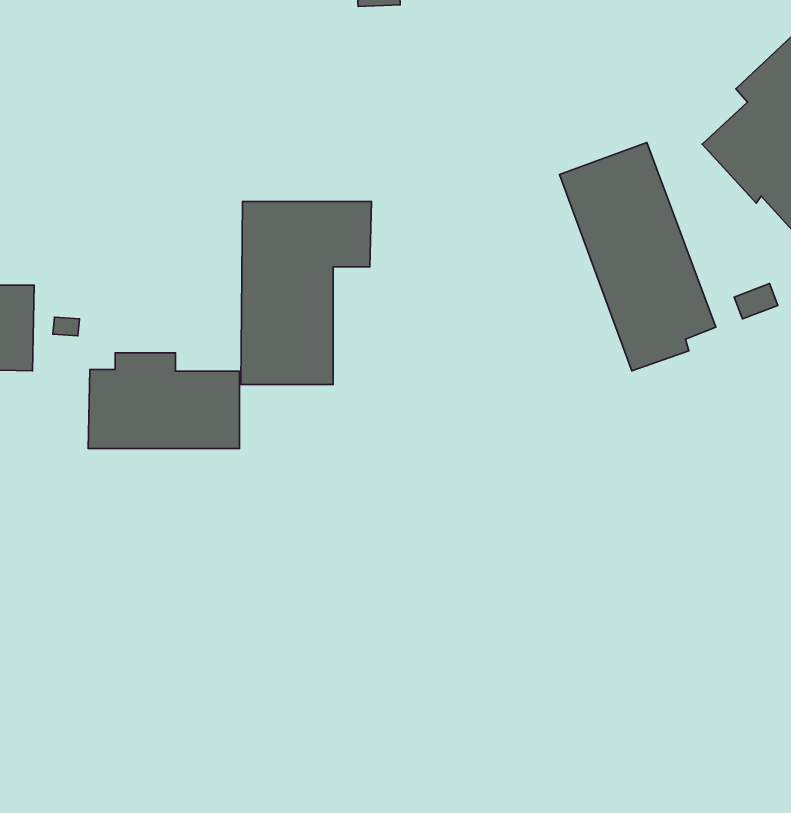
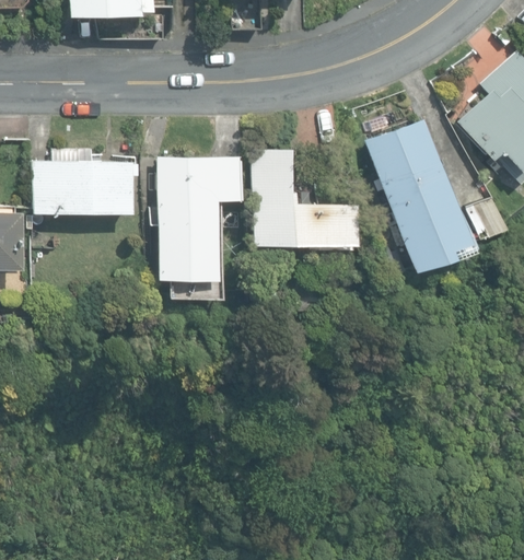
building: none -> [252,150,356,245]
building: [88,353,239,449] -> [34,151,132,213]

